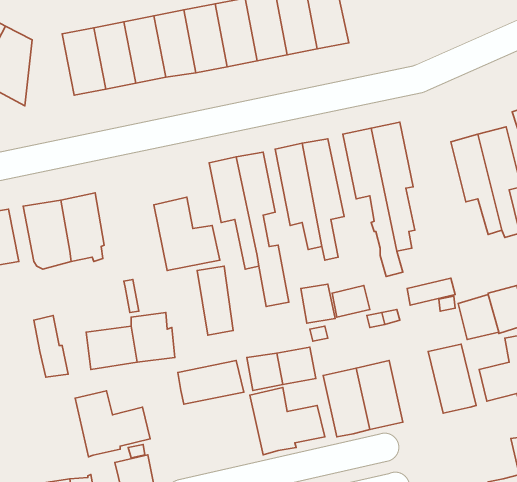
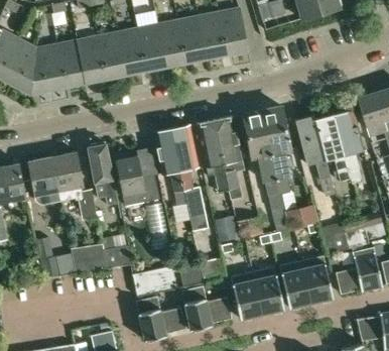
building: none -> [29,46,62,95]
building: none -> [294,115,334,193]
building: none -> [87,144,119,206]
building: none -> [278,260,310,307]
building: [75,391,150,457] -> [135,296,185,340]

